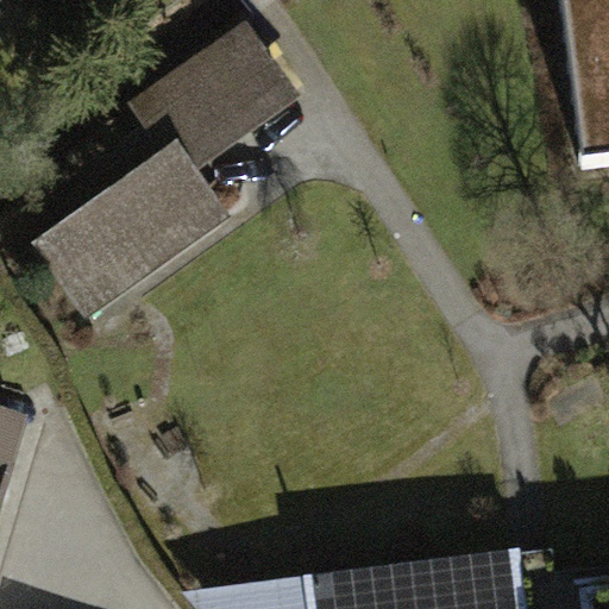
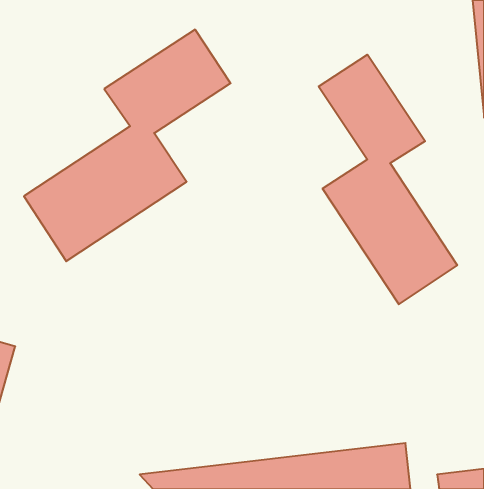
building: none -> [319,55,457,304]

